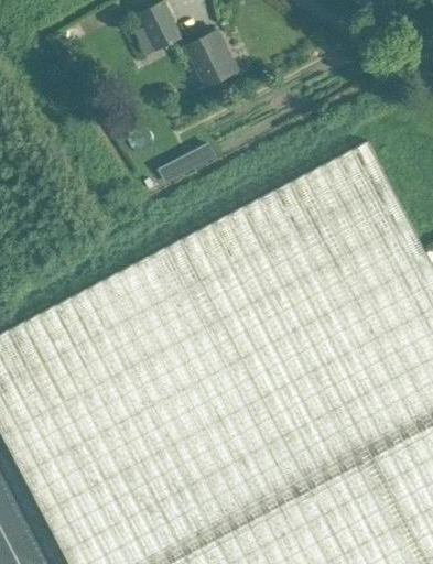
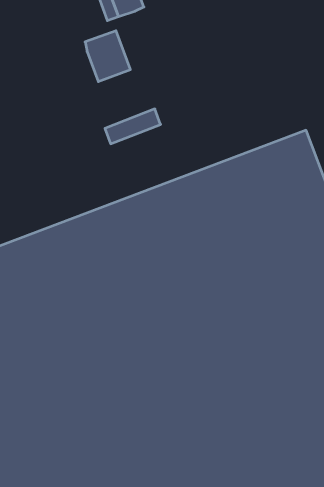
building: [187,30,238,85] -> [85,31,130,82]

